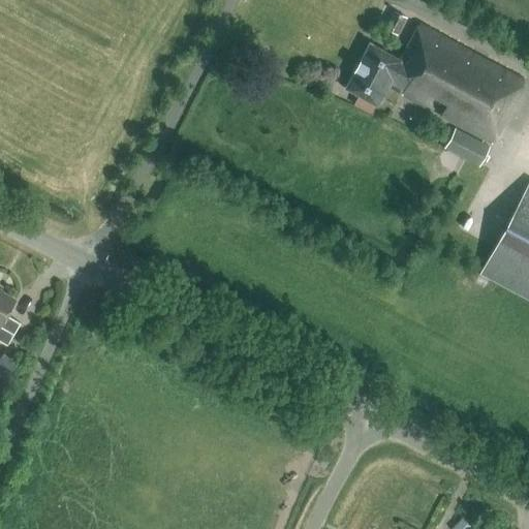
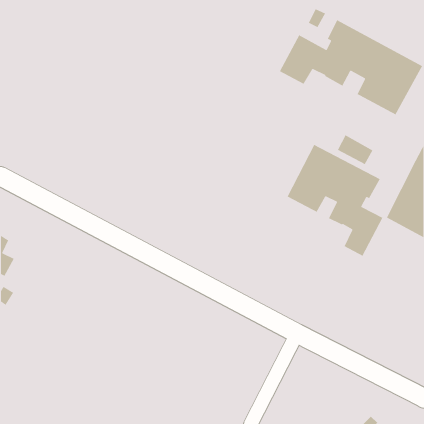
building: [445,128,491,166] -> [337,134,373,165]
building: none -> [287,144,384,257]

